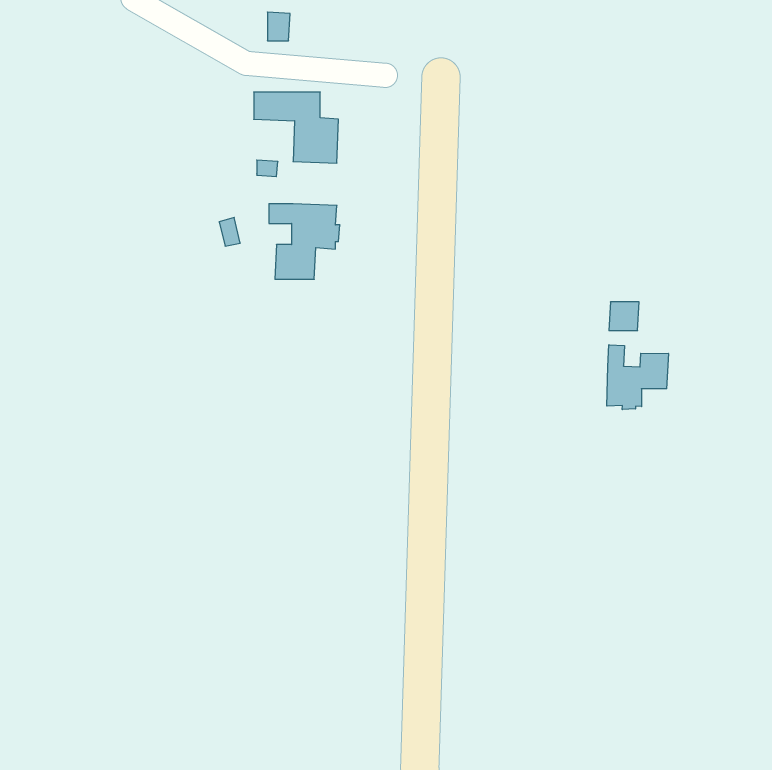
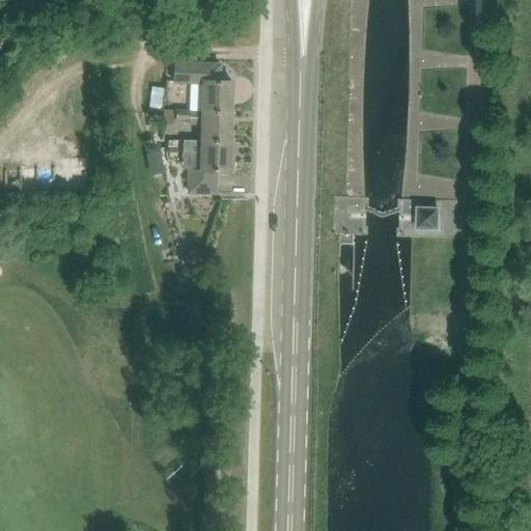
building: none -> [201,111,231,141]
building: [607,345,668,410] -> none

